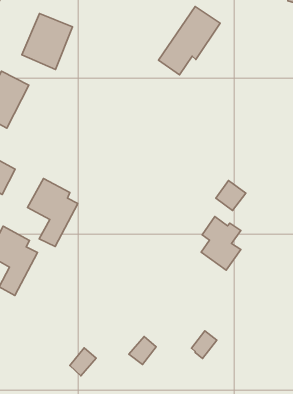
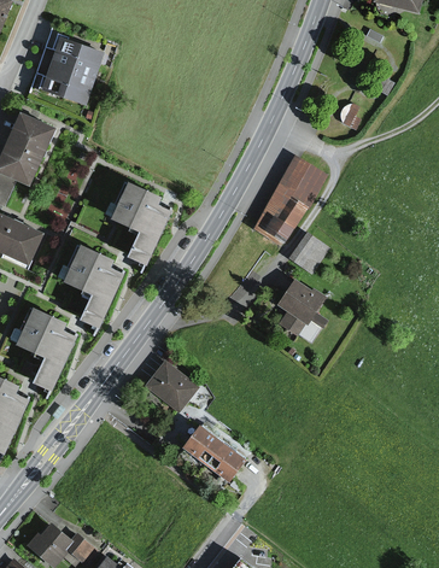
building: [158,6,220,75] -> [248,157,323,244]
building: none -> [107,181,169,265]
building: none -> [150,361,200,409]
building: [191,331,217,359] -> [215,446,246,481]
building: [70,348,96,376] -> [182,422,215,457]

